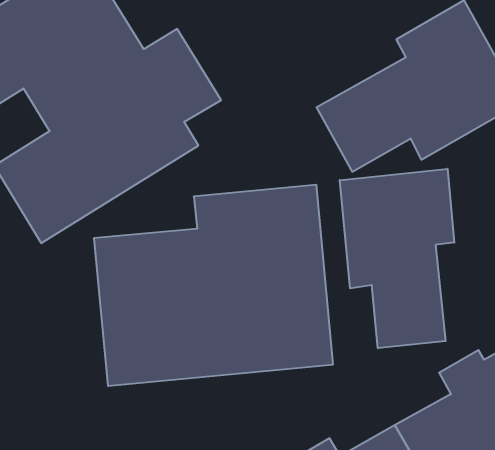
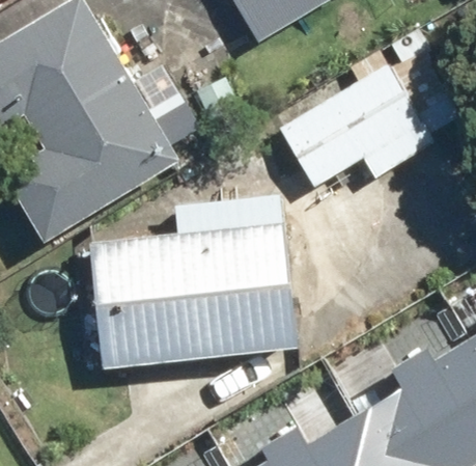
building: [340,169,454,348] -> none

